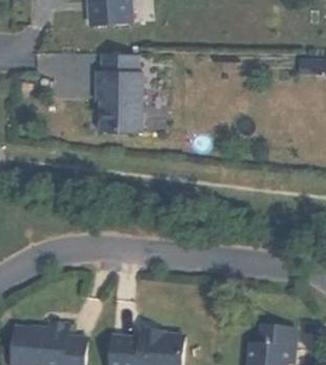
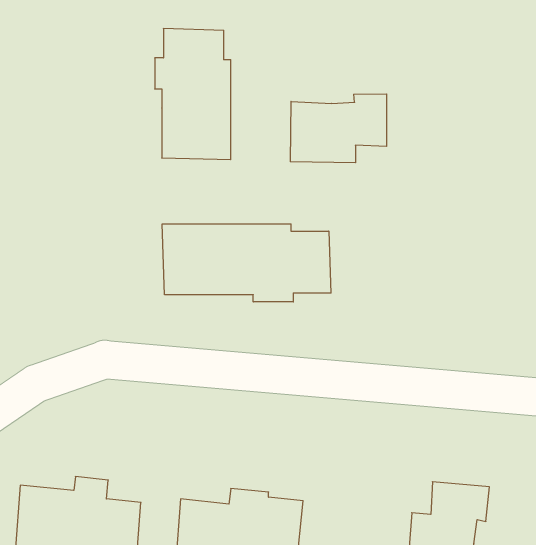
building: none -> [290,94,386,163]
building: none -> [162,224,331,302]

